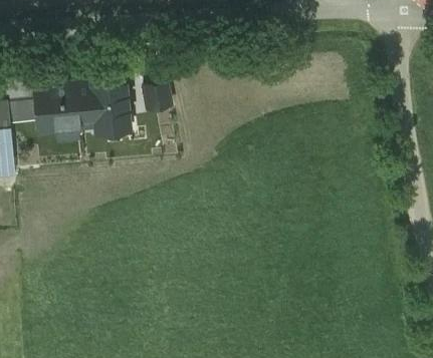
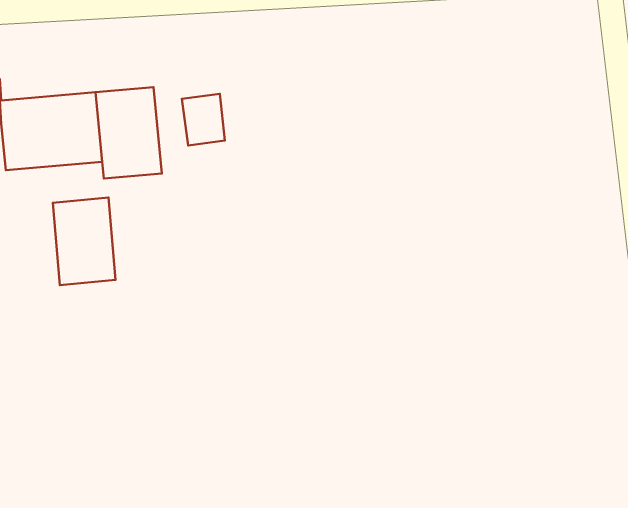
building: none -> [53,198,115,285]

